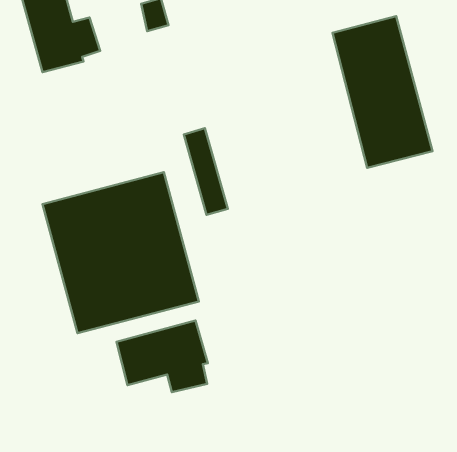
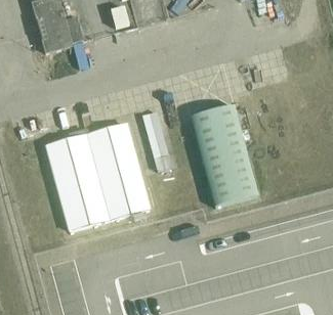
building: [332,16,433,168] -> [191,103,258,206]
building: [117,321,208,392] -> none

